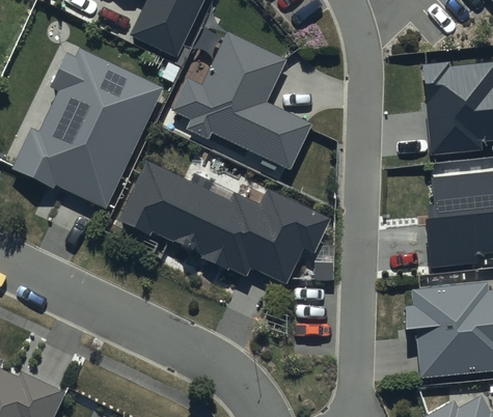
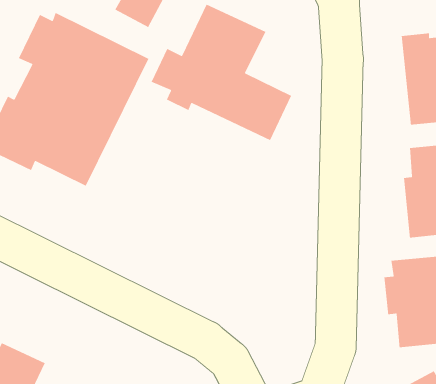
building: [117,160,333,285] -> none

